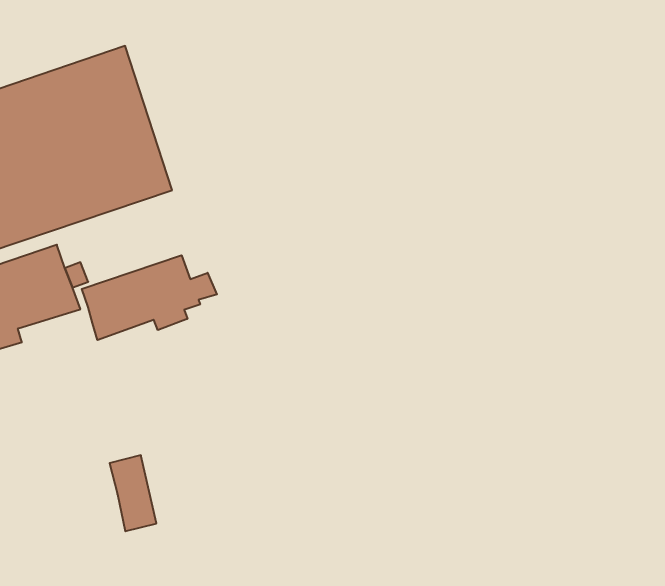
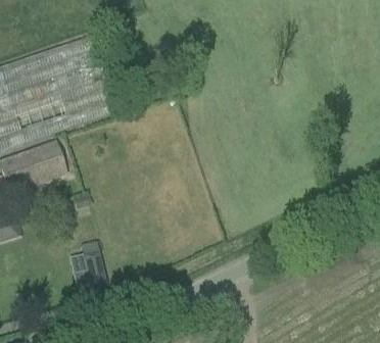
building: [82,255,217,340] -> none

